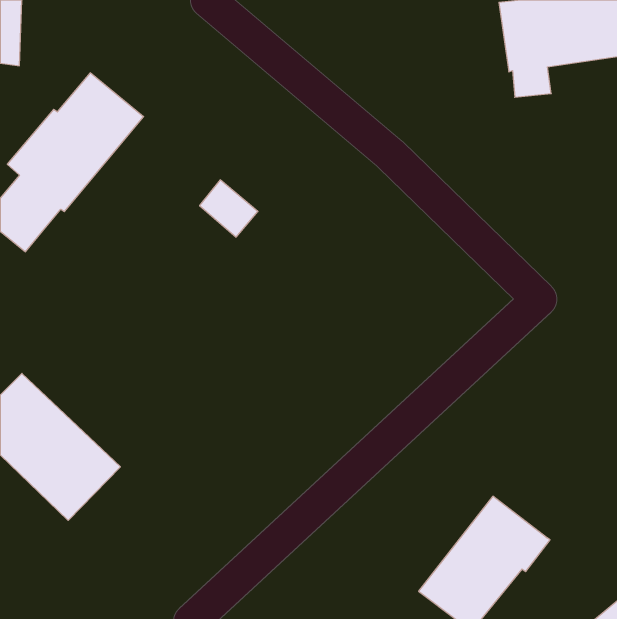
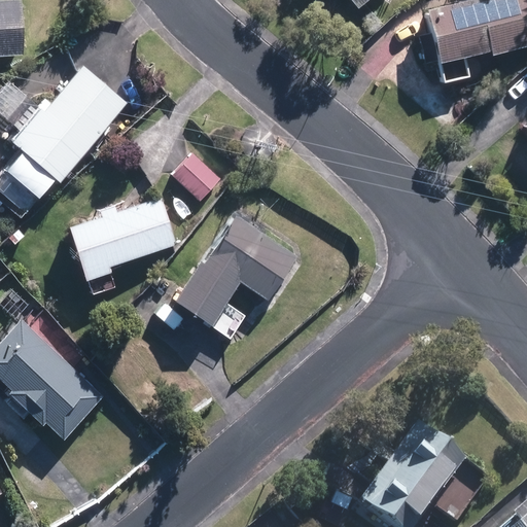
building: none -> [70,198,175,296]
building: none -> [173,213,296,341]

